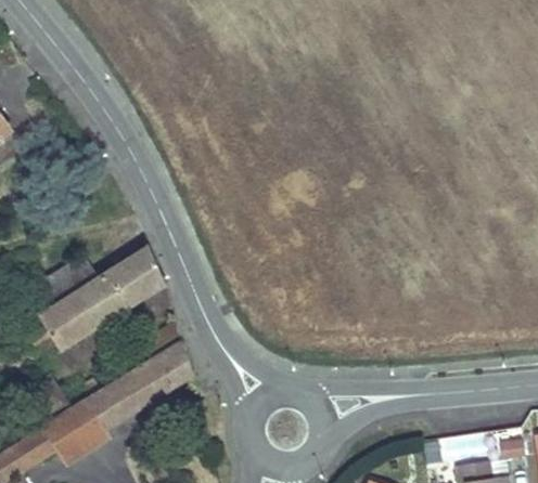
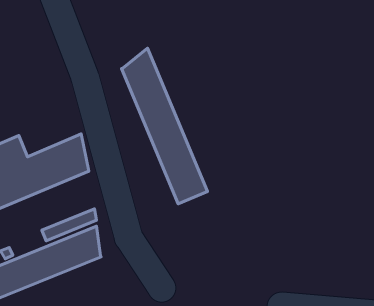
building: none -> [121,48,207,204]

